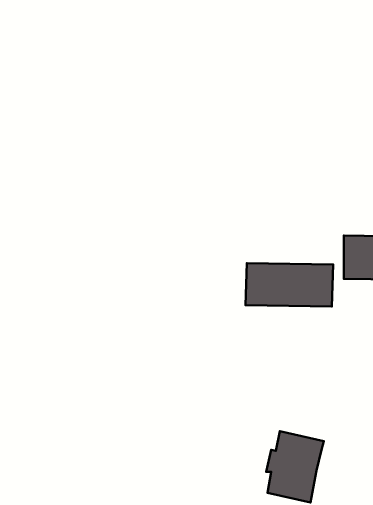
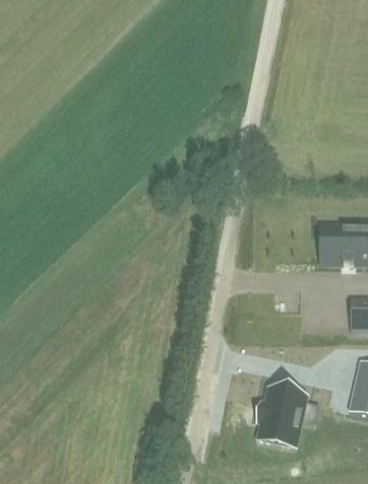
building: [245,263,333,306] -> none

